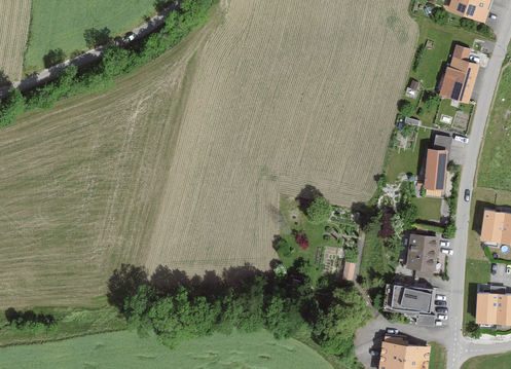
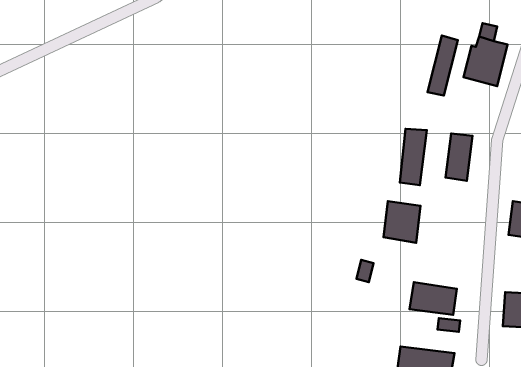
building: none -> [428,35,458,95]
building: none -> [400,129,427,185]
building: [406,233,440,271] -> [383,201,421,243]

